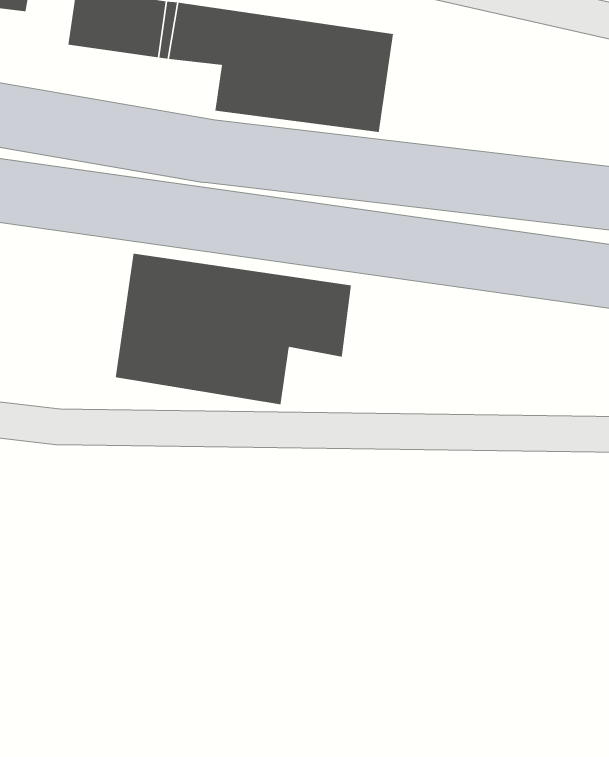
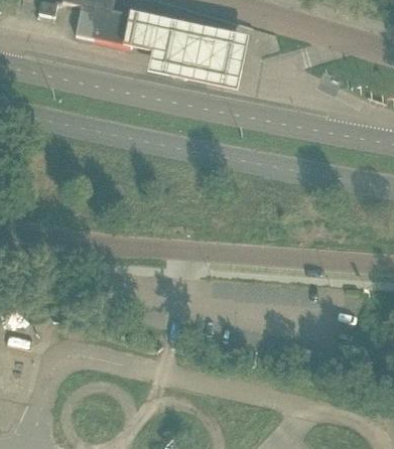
building: [115,253,352,405] -> none

